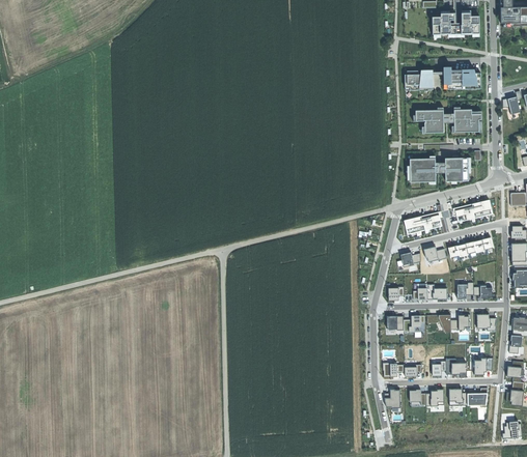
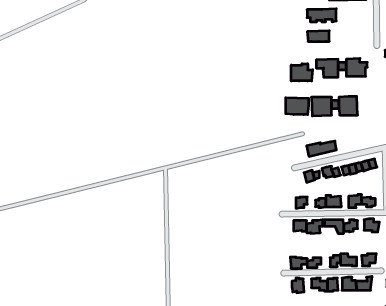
building: [443,73,480,89] -> [307,9,336,22]
building: none -> [291,64,313,81]
building: none -> [286,98,309,115]
building: [454,199,492,222] -> none

